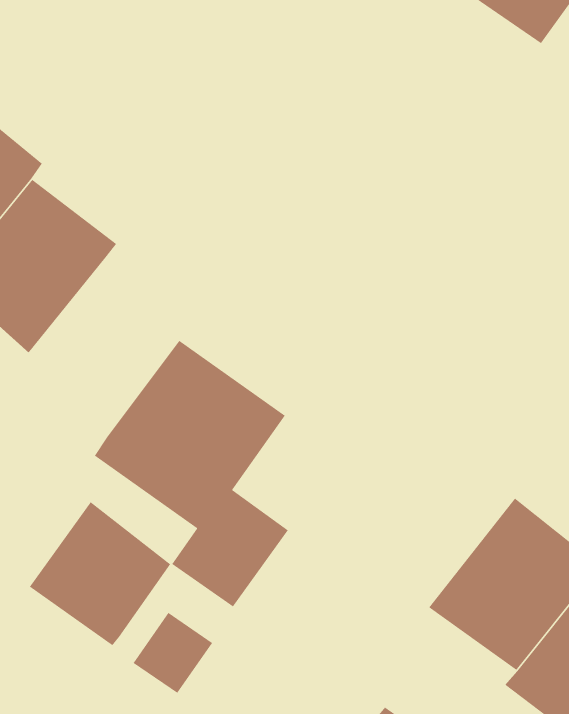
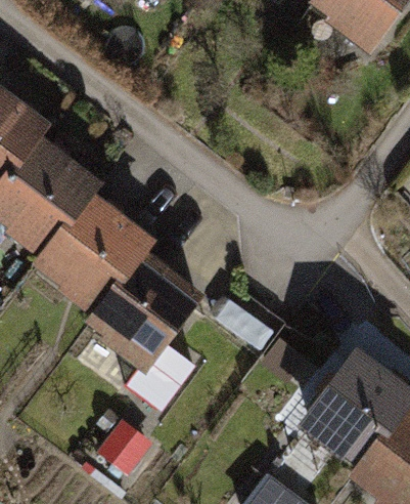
building: none -> [25,188,140,307]
building: [29,501,171,646] -> none

